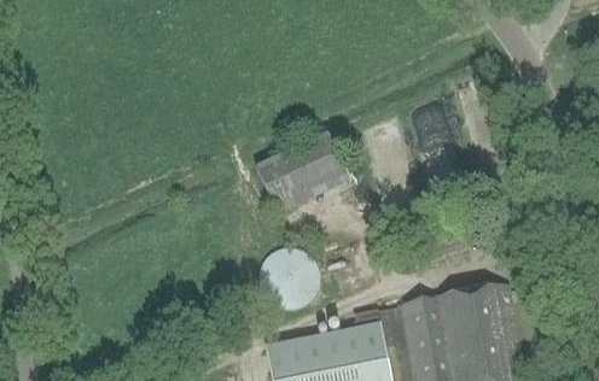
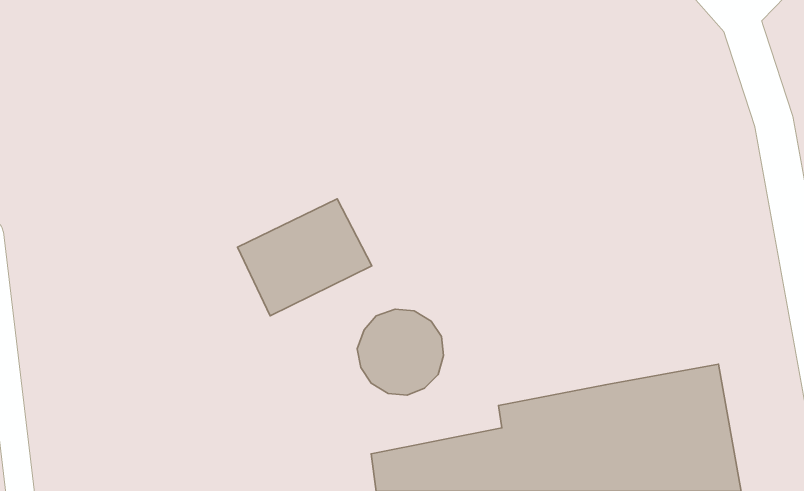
building: [254,131,348,213] -> [237,199,372,316]

